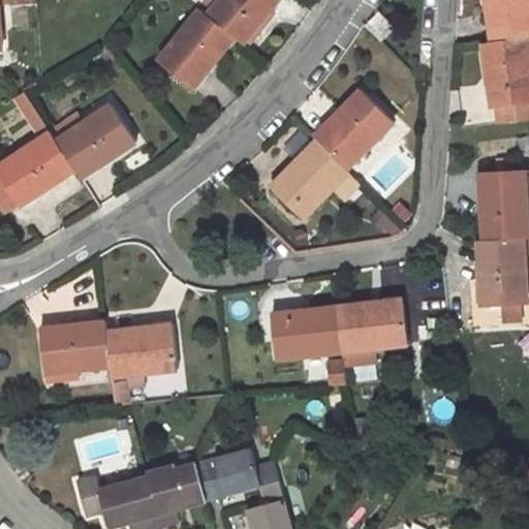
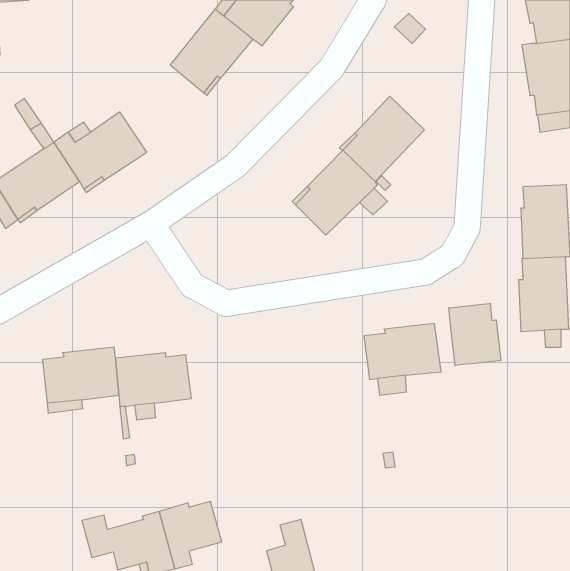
building: none -> [449,303,501,366]
building: [271,307,341,359] -> none
building: [194,448,278,501] -> none

